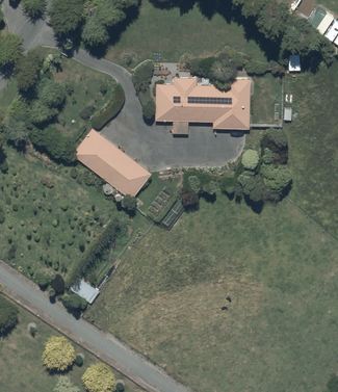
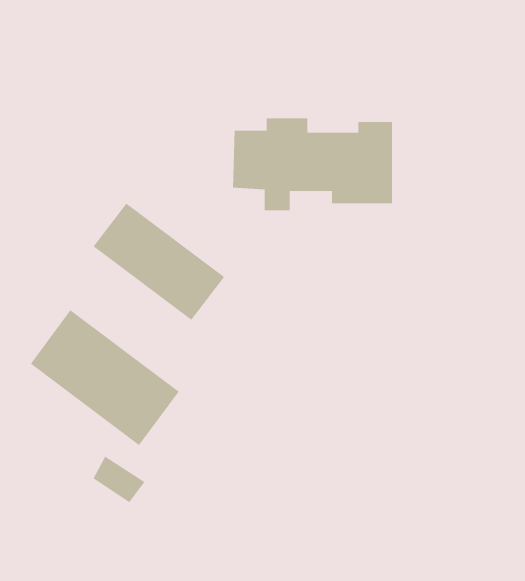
building: none -> [30,309,180,446]

